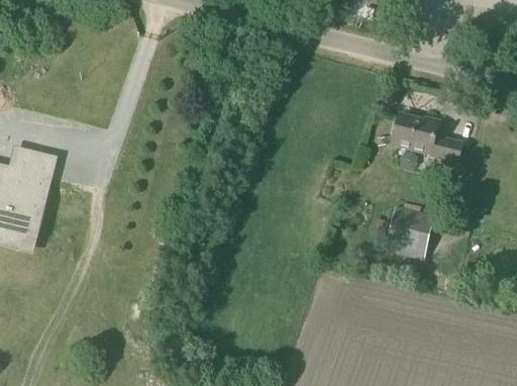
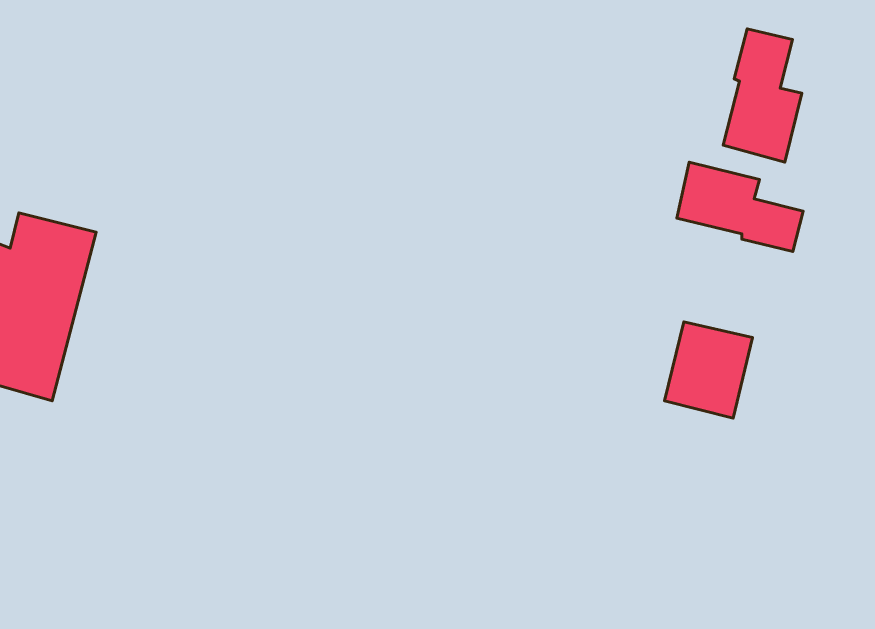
building: none -> [723,29,802,162]

